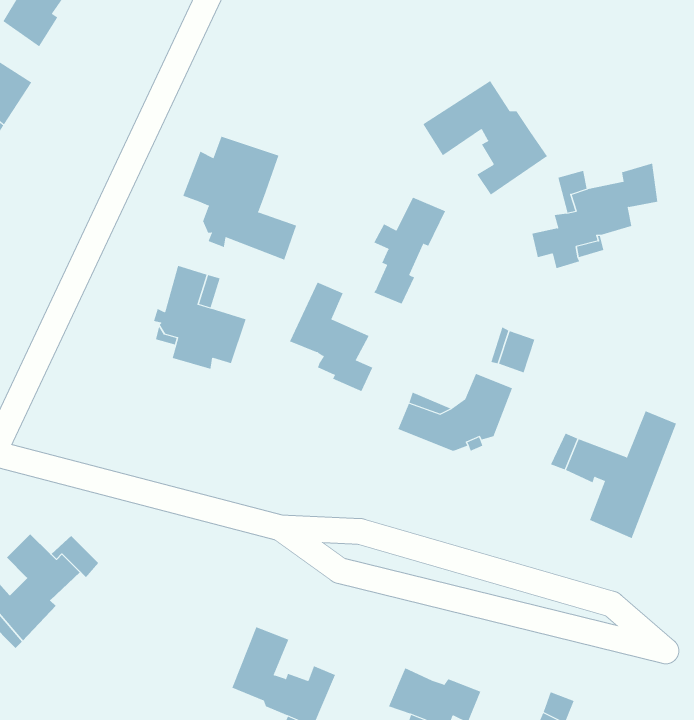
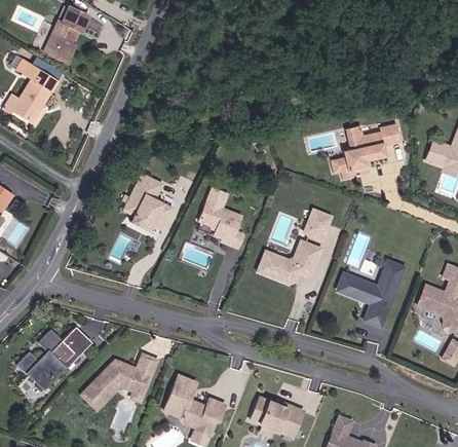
building: [423,80,548,195] -> none
building: [183,136,297,260] -> none
building: [373,197,446,305] -> none
building: none -> [78,356,157,410]

